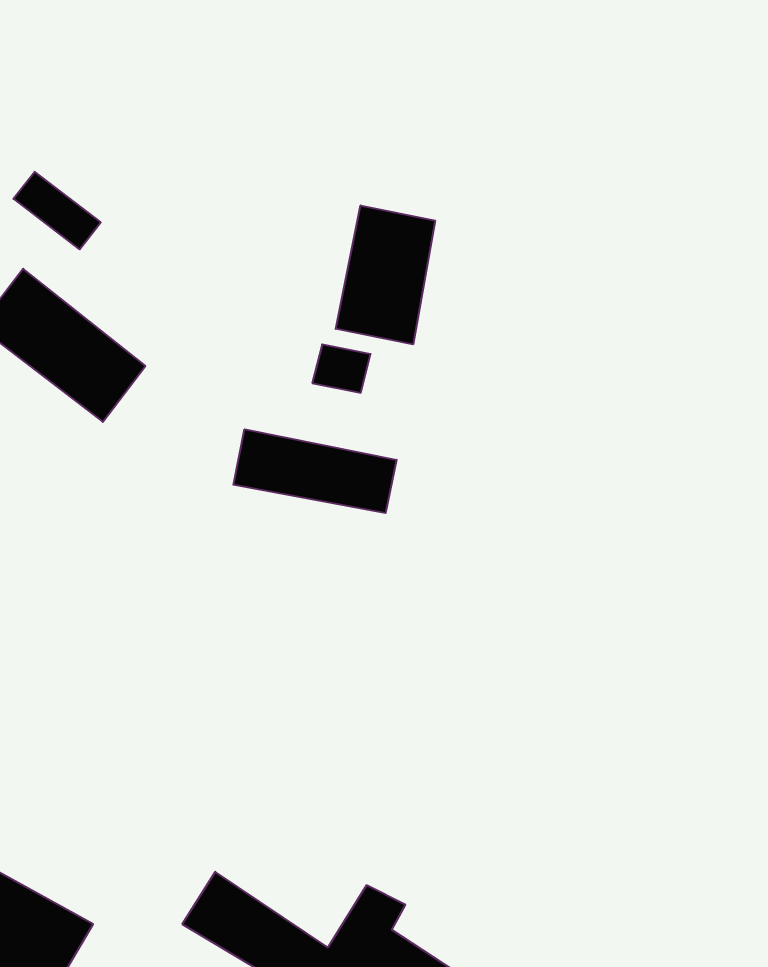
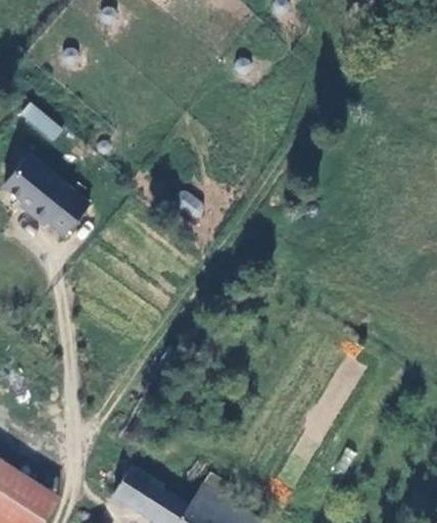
building: [336,205,435,344] -> none
building: [233,429,397,513] -> none

